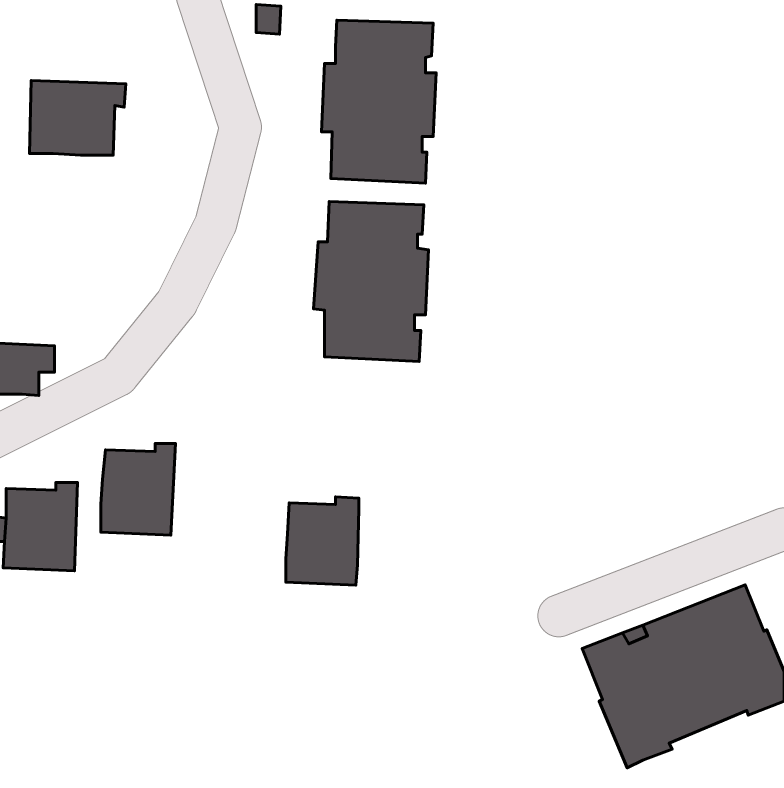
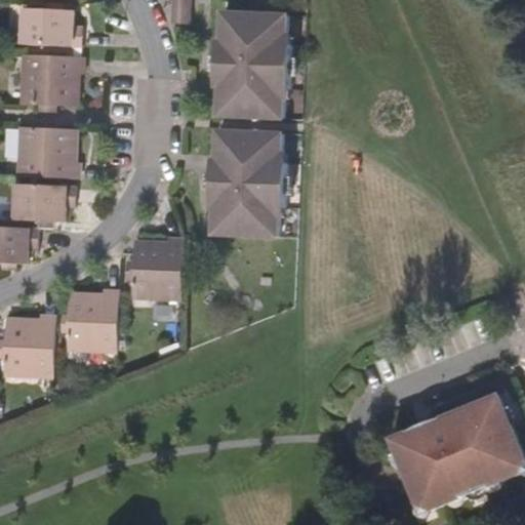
building: none -> [21,7,79,44]
building: none -> [17,127,81,178]
building: none -> [15,183,75,219]
building: [286,497,359,585] -> [132,241,180,299]

